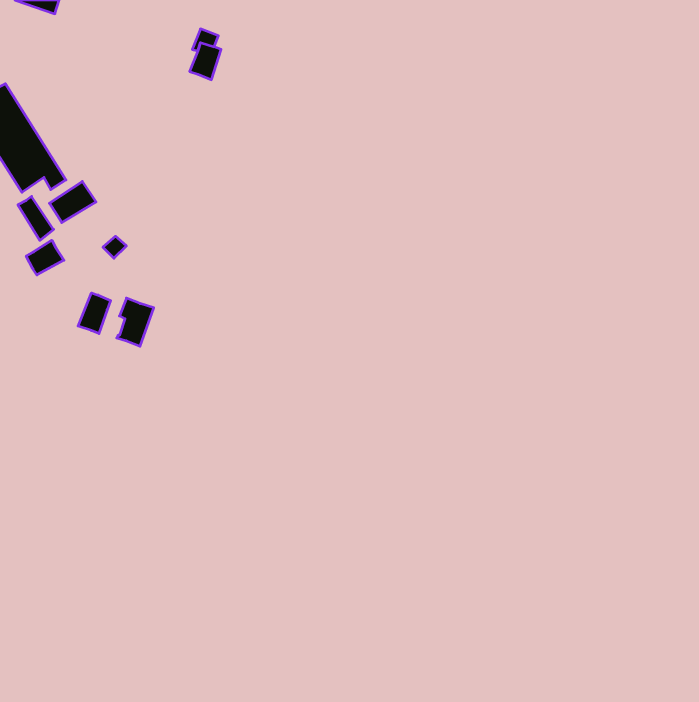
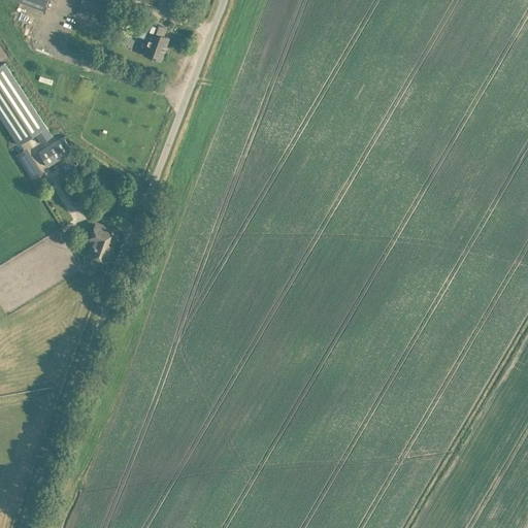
building: [26,240,64,275] -> none
building: [78,293,111,334] -> none

